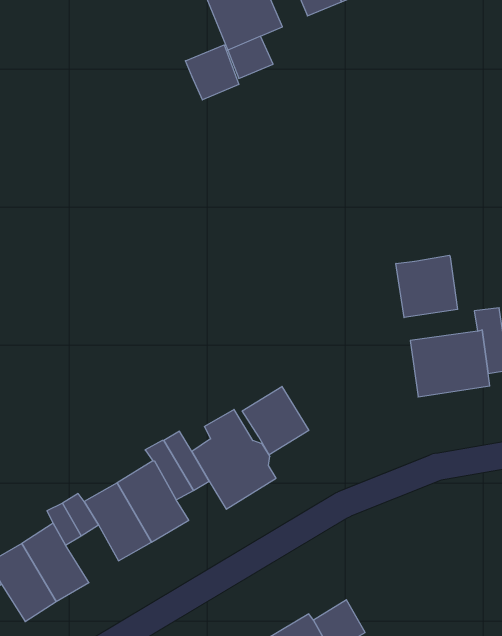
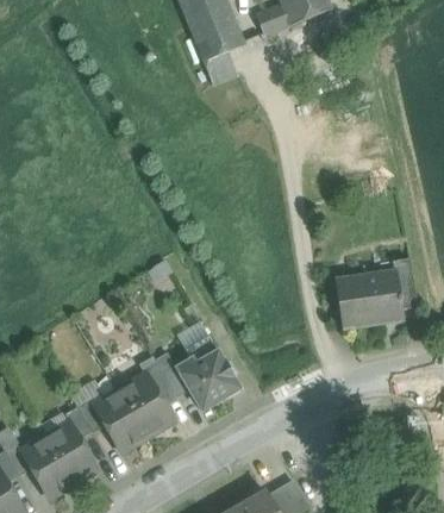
building: [185,45,239,100] -> none
building: [396,255,458,318] -> none
building: [242,386,309,455] -> none

